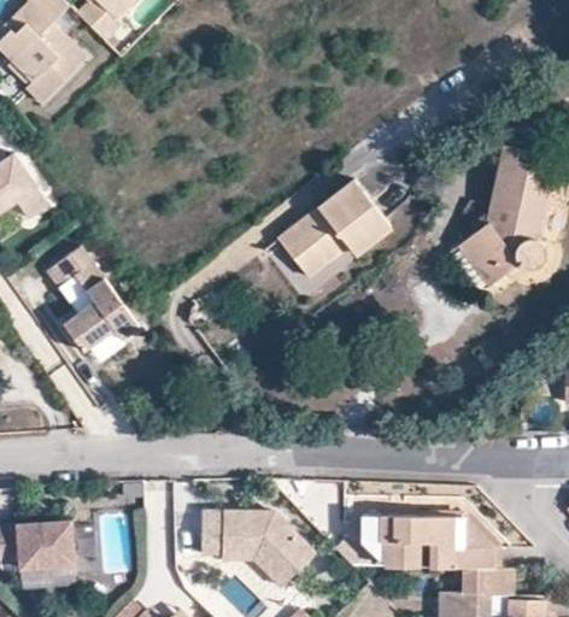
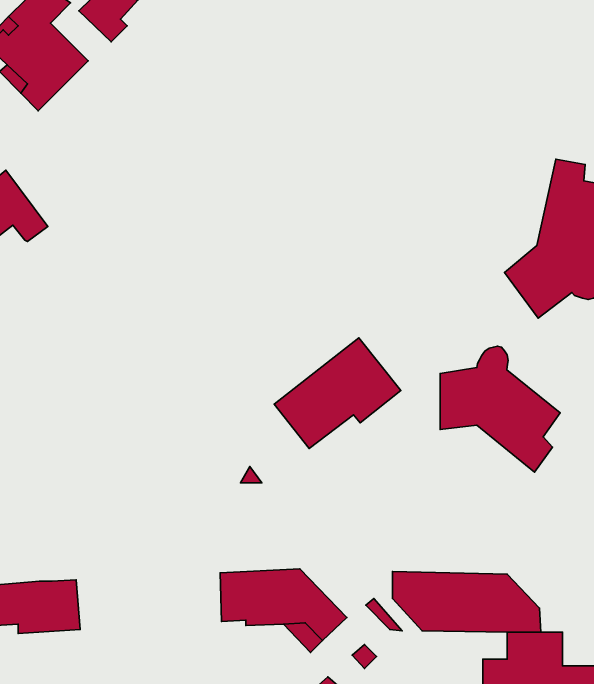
building: [282,181,395,280] -> [274,338,401,448]
building: [47,247,137,353] -> none
building: none -> [440,346,560,472]

